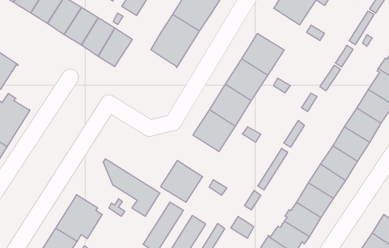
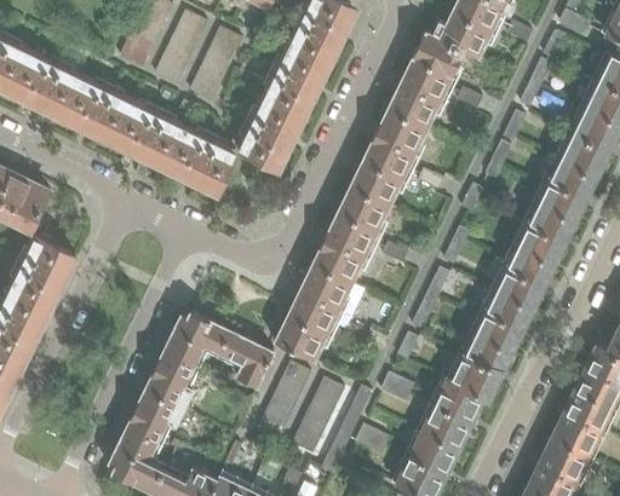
building: none -> [386,71,446,129]
building: none -> [189,139,240,195]
building: none -> [293,265,351,323]
building: none -> [155,316,205,385]

